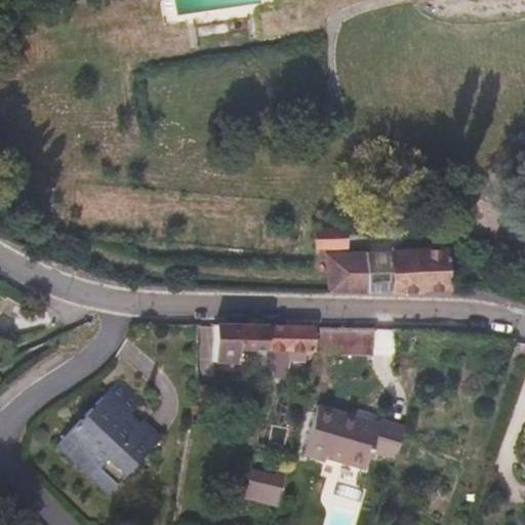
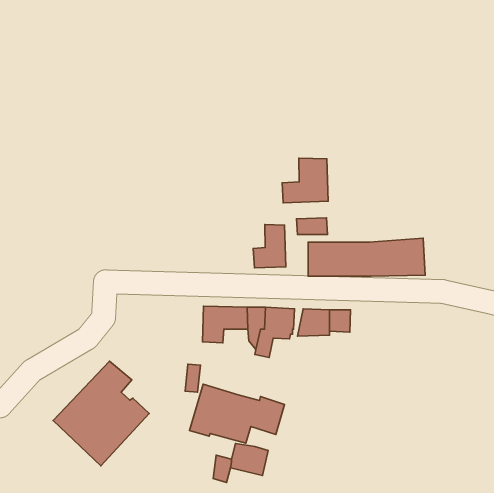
building: none -> [282,158,328,203]
building: none -> [253,225,286,268]
building: [305,406,405,469] -> [190,384,285,443]

